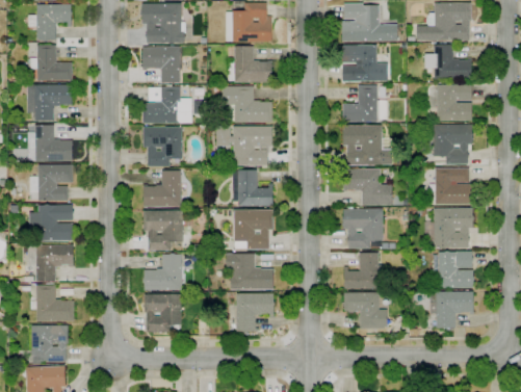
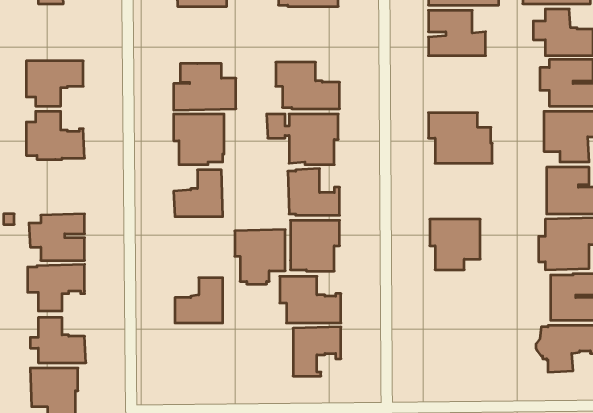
building: [27,45,72,81] -> none
building: [228,46,271,82] -> none
building: [141,47,180,83] -> none
building: [342,85,387,122] -> none
building: [37,164,73,202] -> none
building: [342,169,392,205] -> none
building: [144,210,183,253] -> [235,230,285,284]
building: [343,253,379,289] -> none
building: [344,293,386,330] -> none
building: [144,294,181,333] -> none

